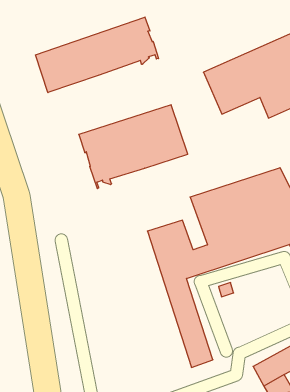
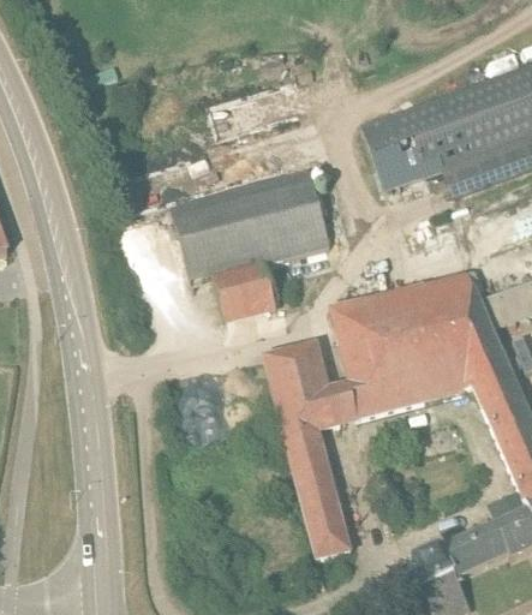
building: [35,17,158,93] -> none
building: none -> [211,261,274,315]

